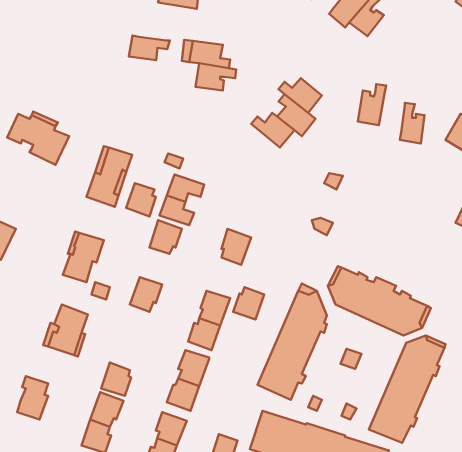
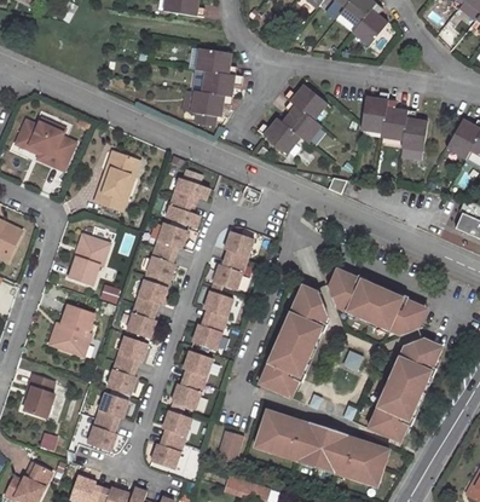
building: [129,36,170,60] -> [190,92,230,116]
building: none -> [378,98,404,138]
building: [126,183,156,217] -> [146,250,175,283]
building: [233,287,264,319] -> [214,260,244,292]
building: none -> [127,306,156,339]
building: none -> [116,336,149,370]

